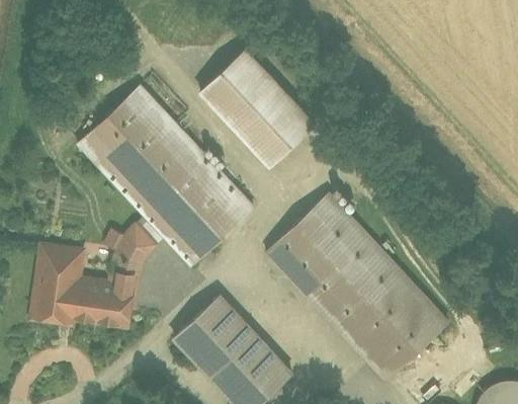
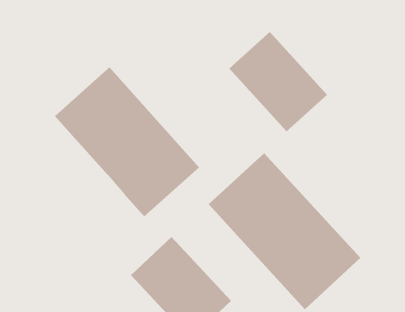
building: [195,49,317,172] -> [229,31,328,132]
building: [29,216,162,330] -> none

